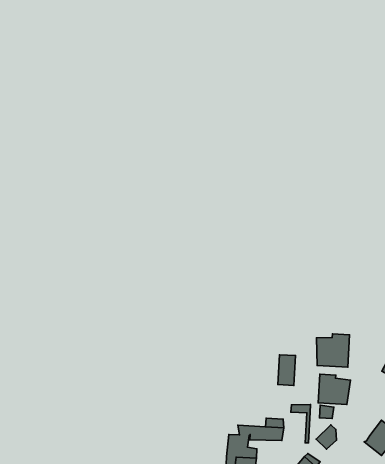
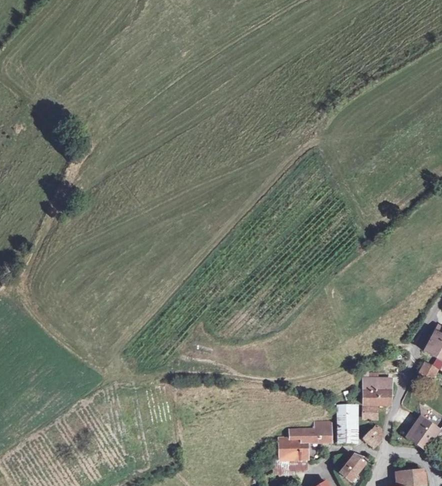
building: [316,334,349,367] -> none
building: [278,355,296,385] -> [338,414,353,442]

